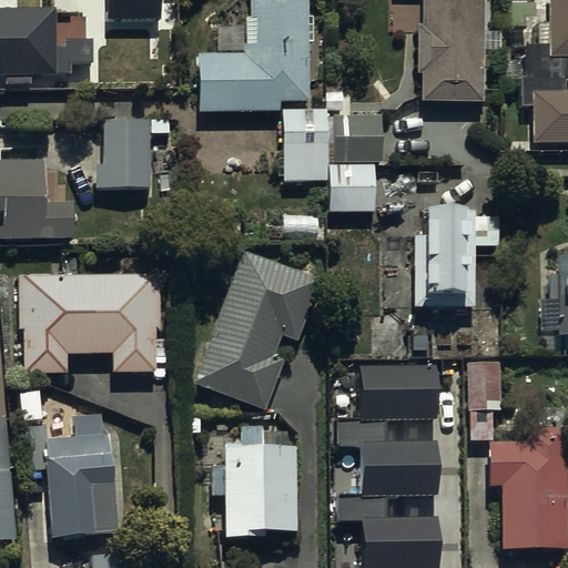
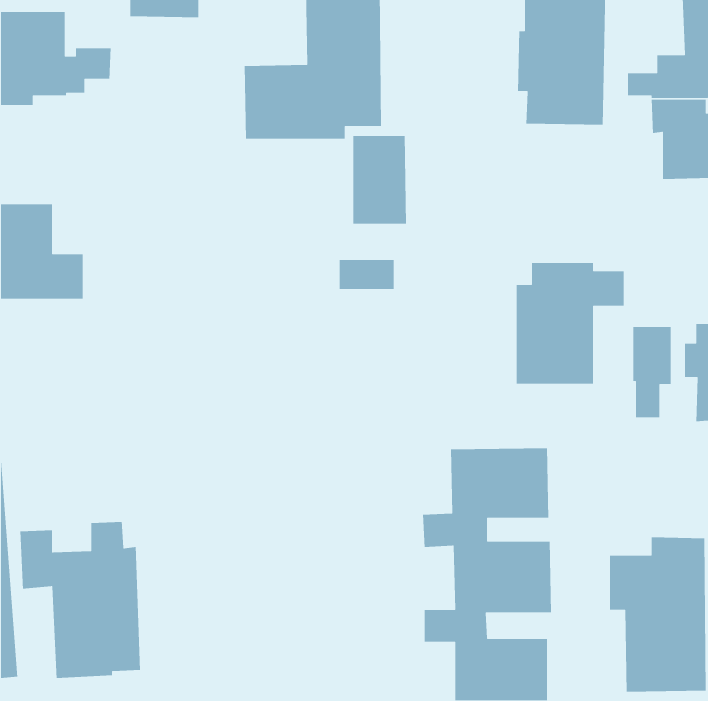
building: [329,114,381,212] -> none
building: [97,119,151,186] -> none
building: [192,248,322,409] -> none
building: [18,273,160,372] -> none
building: [468,364,499,437] -> [632,326,671,418]
building: [213,426,296,538] -> none

